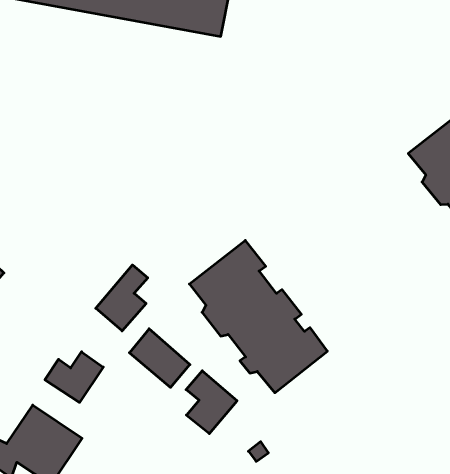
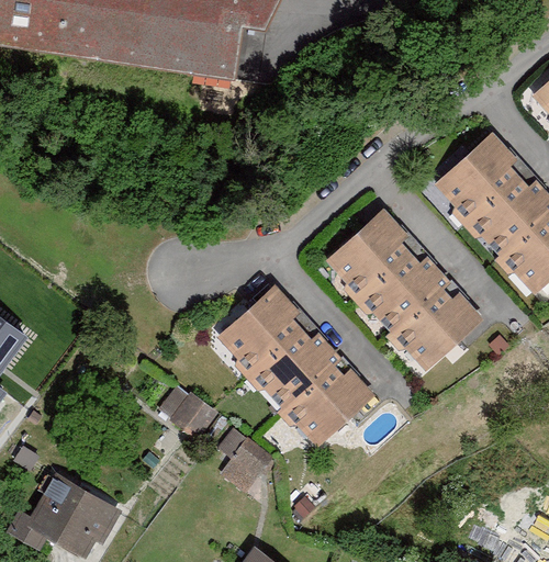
building: none -> [328,210,478,366]
building: [96,265,148,331] -> none
building: [45,352,103,402] -> none

